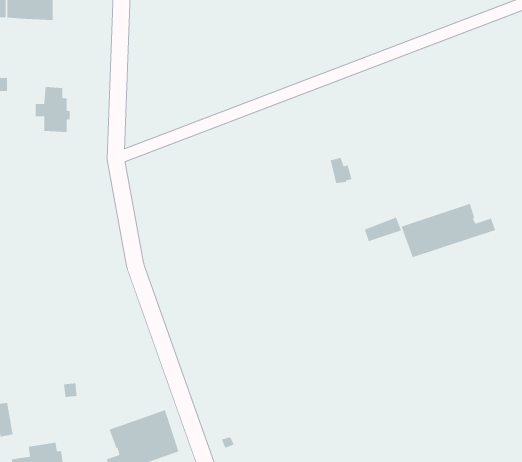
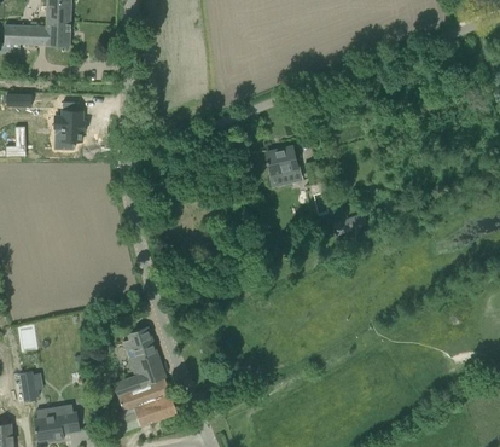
building: none -> [264,147,297,178]
building: [401,203,496,258] -> none
building: none -> [112,327,164,394]

